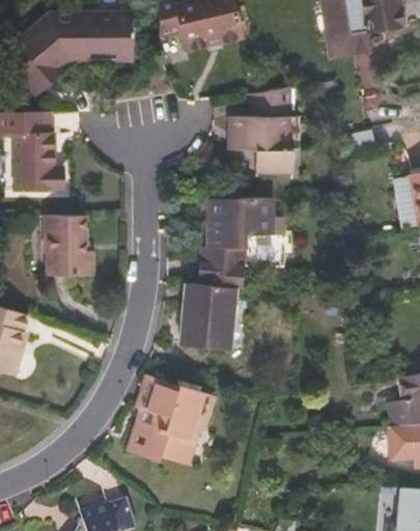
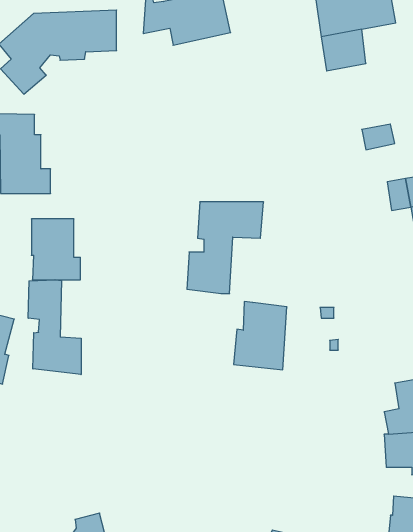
building: [236,87,292,173] -> none
building: none -> [28,280,81,375]
building: [179,284,231,351] -> [234,302,287,370]
building: [131,381,215,464] -> none

